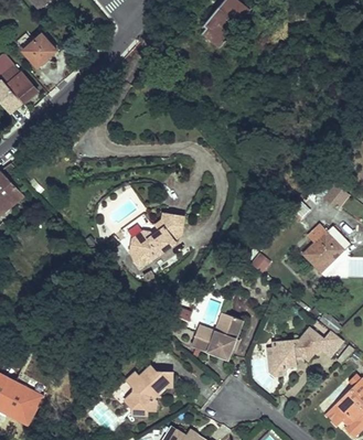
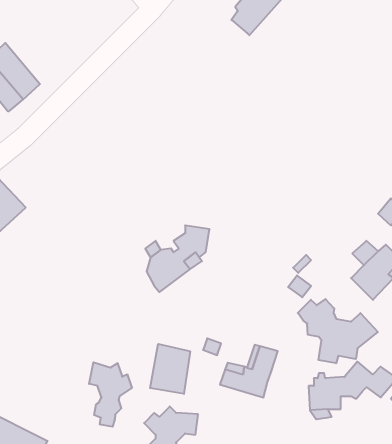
building: [21,32,55,66] -> none
building: none -> [298,299,378,363]
building: none -> [150,344,190,394]
building: none -> [89,362,132,427]

